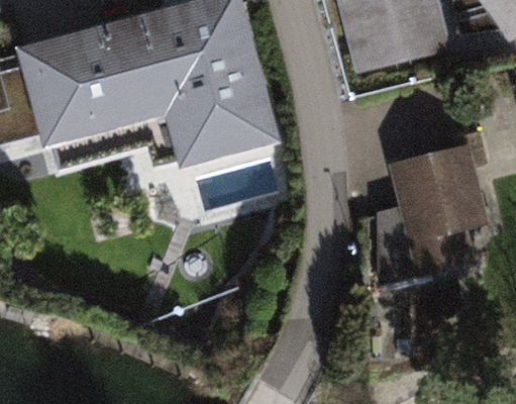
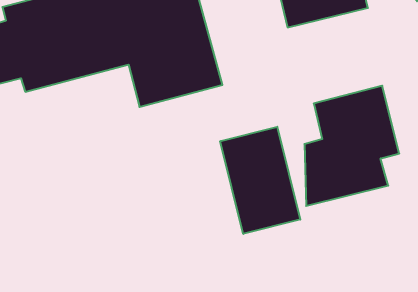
building: none -> [220,127,300,234]

